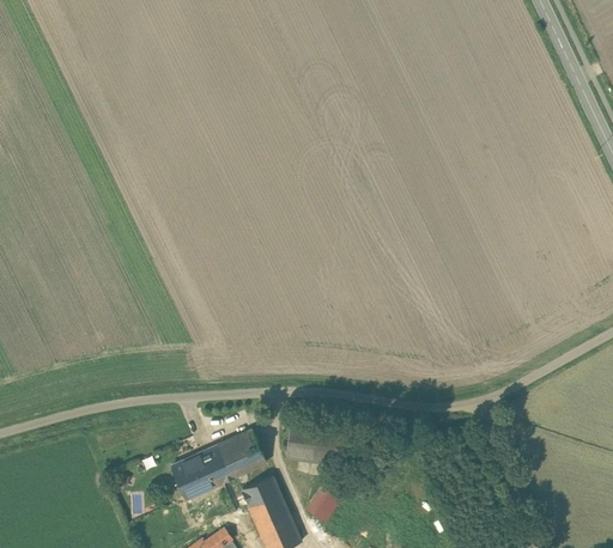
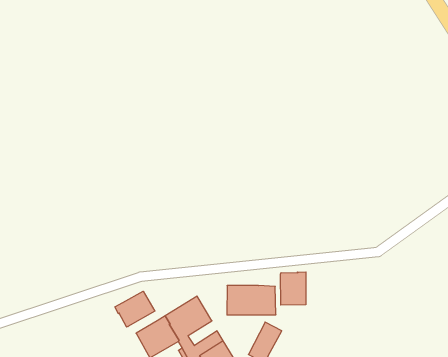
building: none -> [281,272,306,305]
building: none -> [115,291,155,327]

